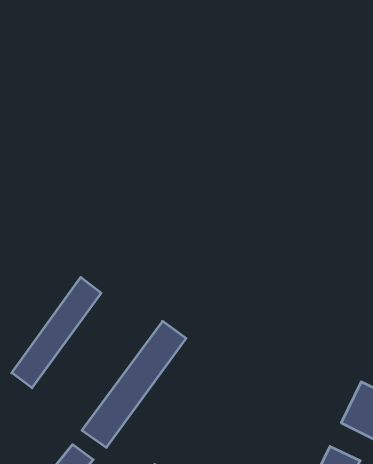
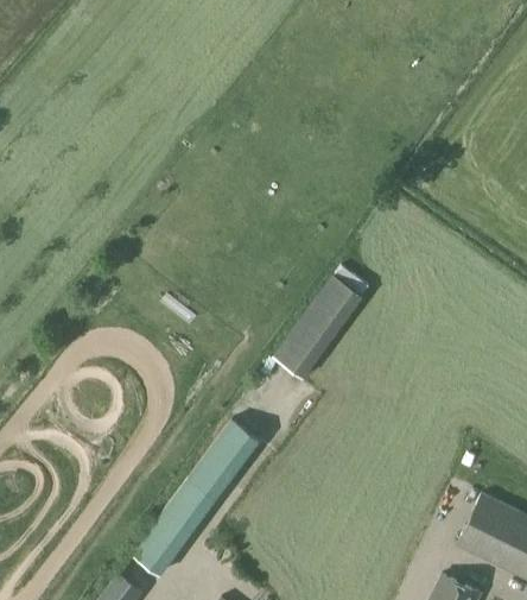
building: none -> [274,272,362,375]
building: [12,277,101,388] -> none

